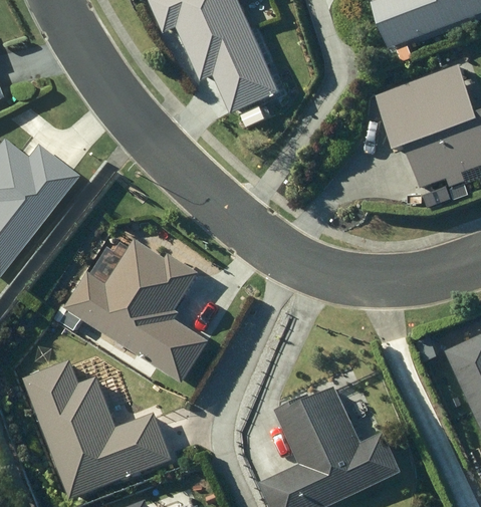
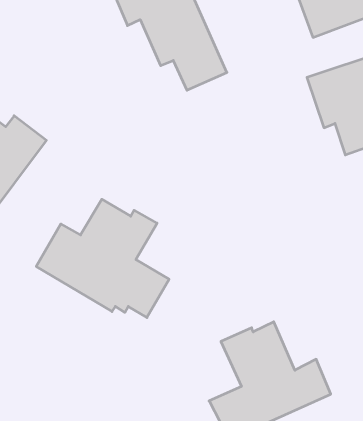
building: [21,360,173,498] -> none

